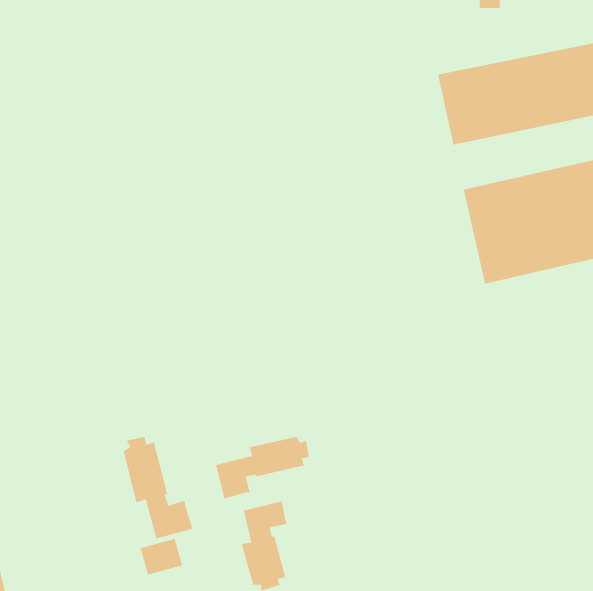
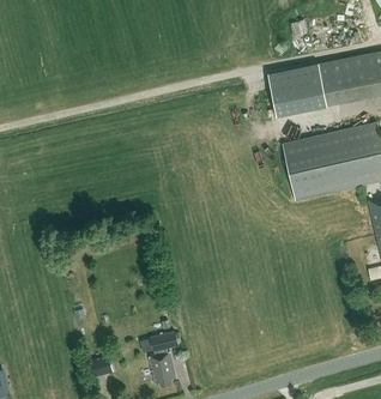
building: [123,436,194,540] -> none
building: [215,436,310,500] -> none

